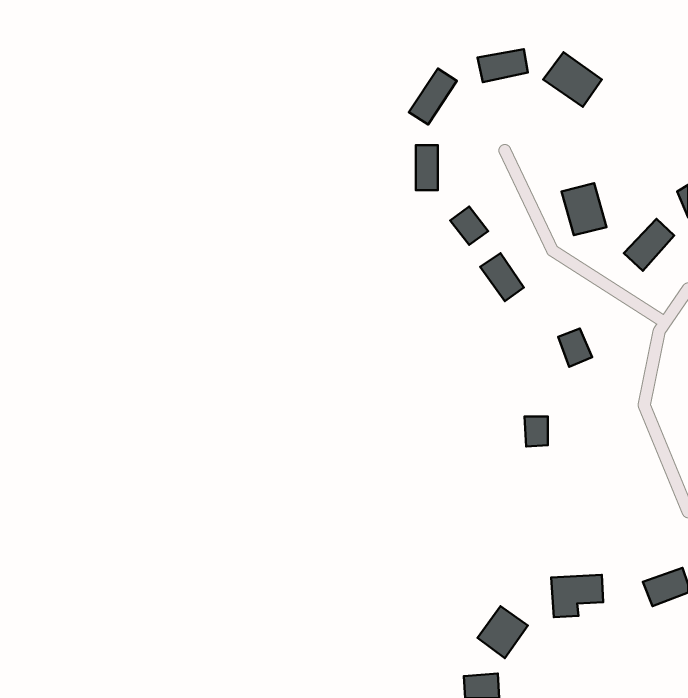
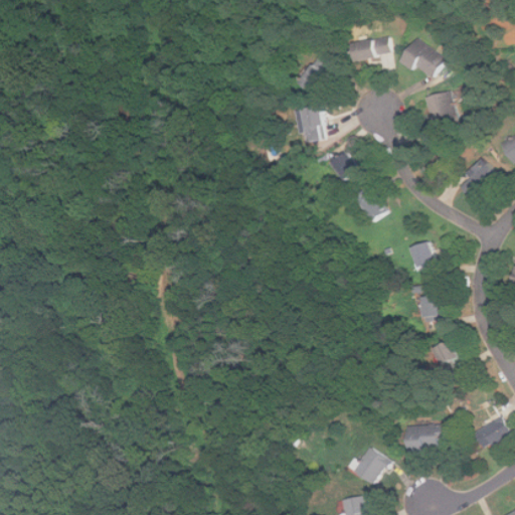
building: [561,183,607,235] -> [421,91,455,129]
building: [525,416,548,447] -> [422,295,440,317]
building: none -> [435,341,457,369]

